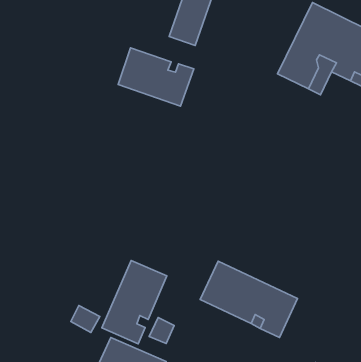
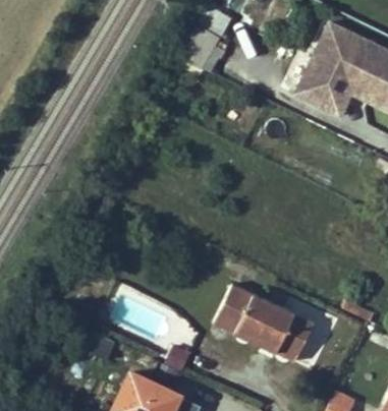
building: [118,48,194,106] -> none
building: [102,260,167,344] -> none

